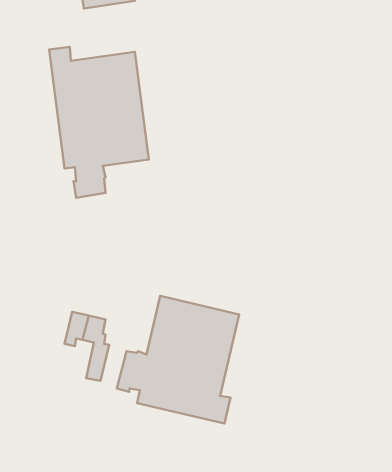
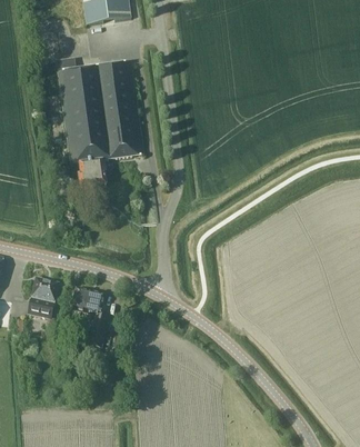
building: [117,296,239,423] -> none
building: none -> [28,277,59,318]

